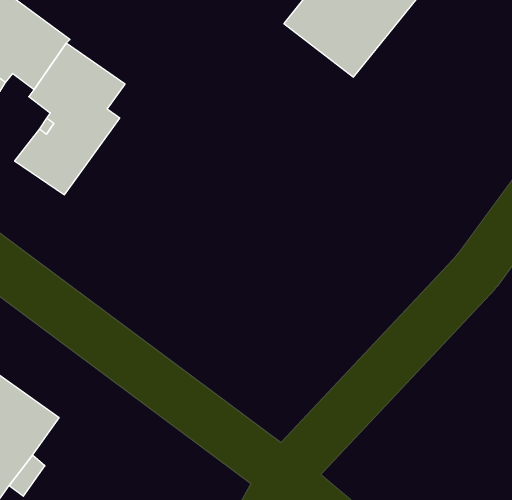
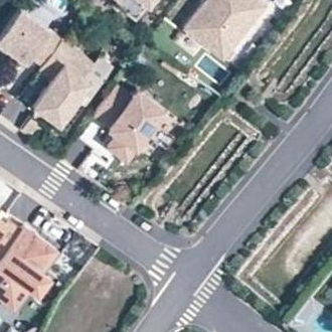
building: none -> [92,86,164,162]

